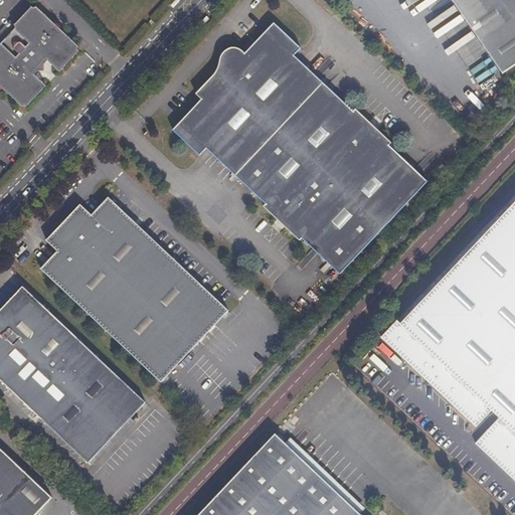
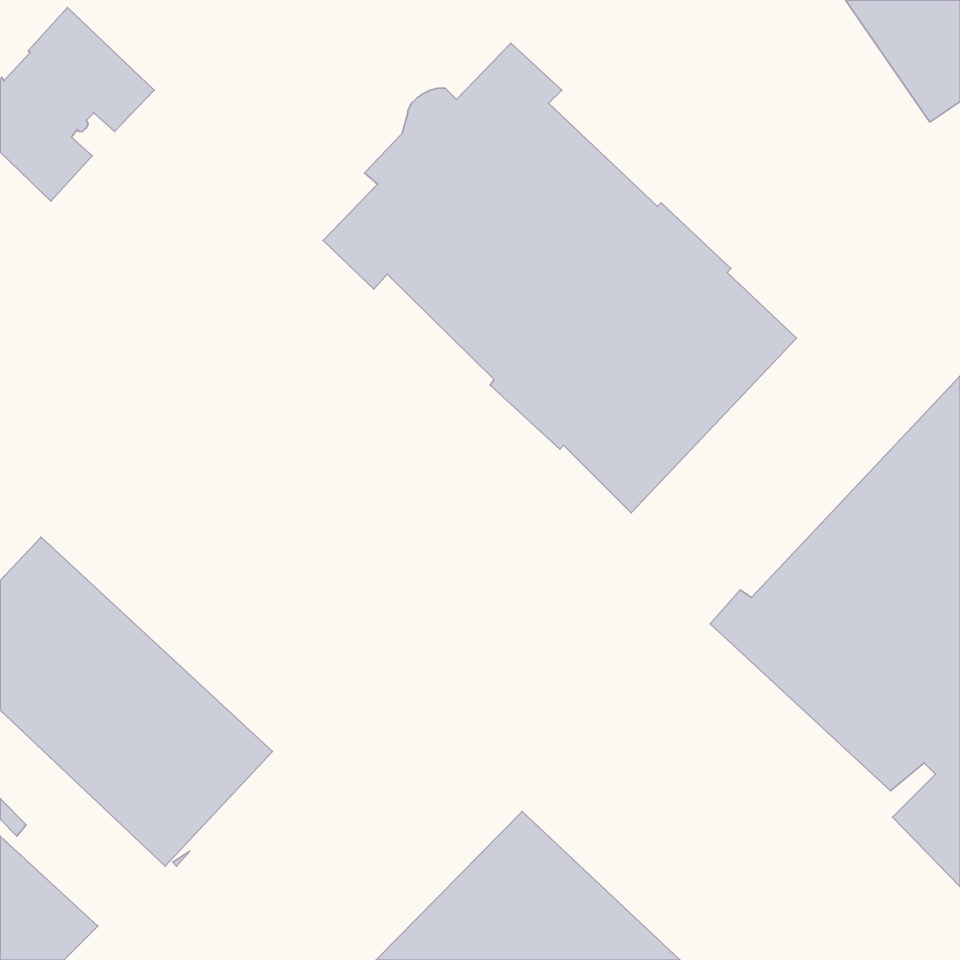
building: [41,199,228,382] -> none

